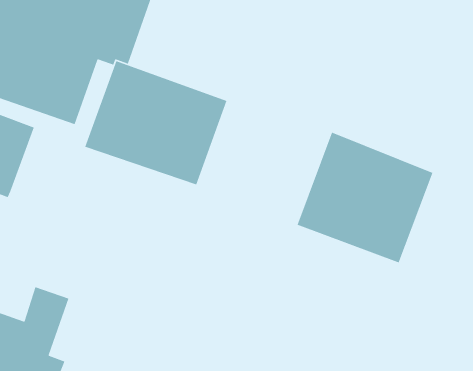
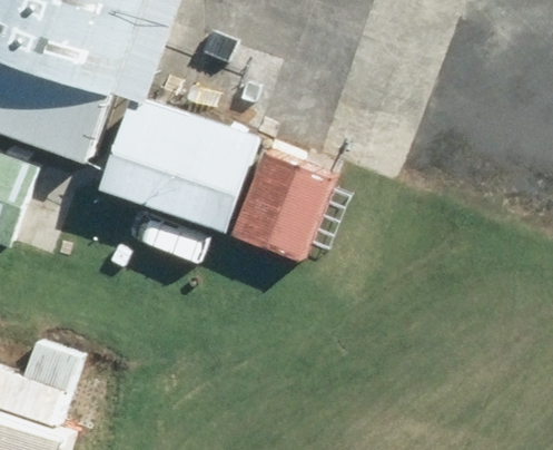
building: none -> [230,148,337,262]
building: [296,132,434,264] -> none

